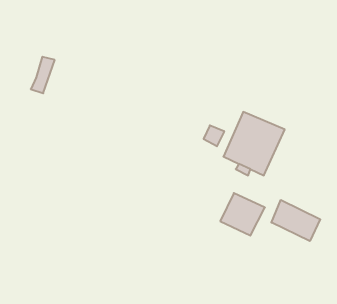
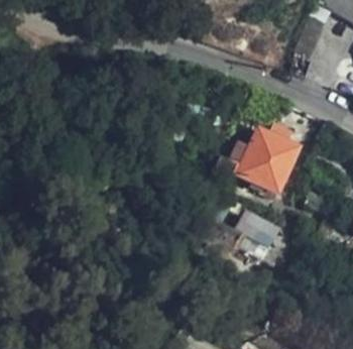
building: [271,200,320,241] -> none

